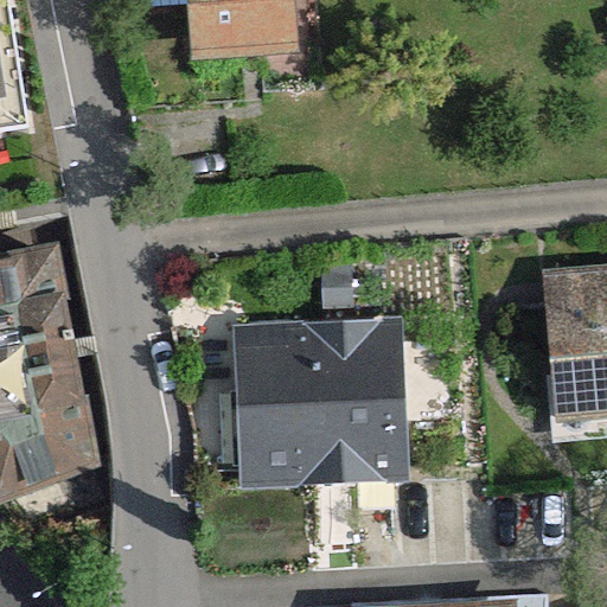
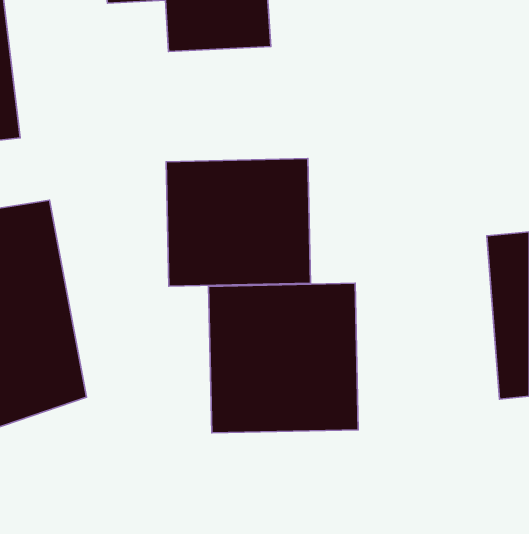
building: none -> [166,159,311,286]

